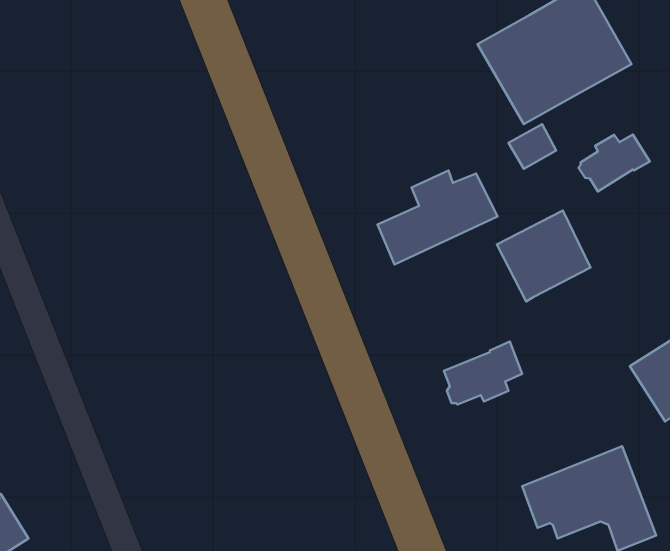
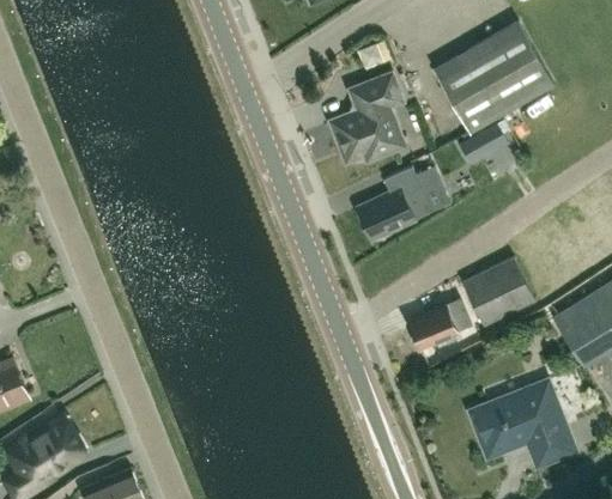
building: none -> [329,74,404,163]
building: [579,135,650,191] -> none
building: [497,211,591,302] -> [461,256,534,327]

